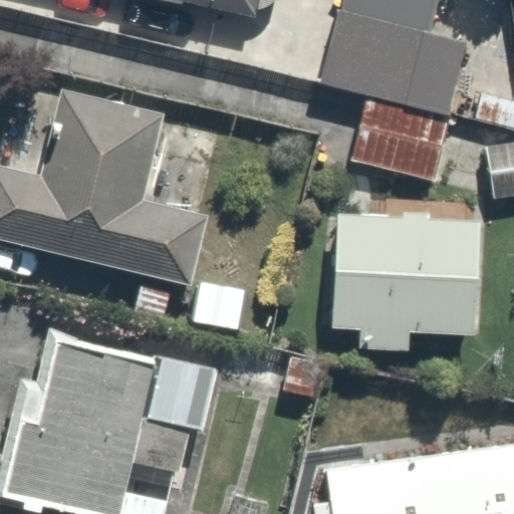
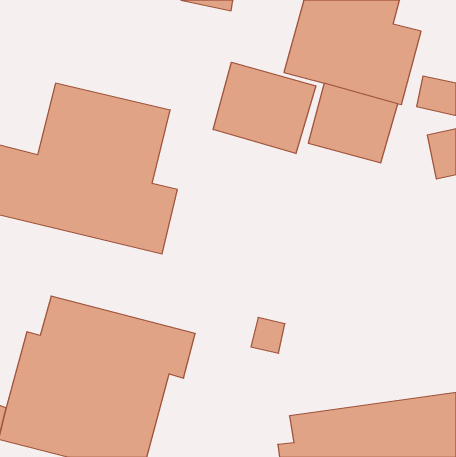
building: none -> [213,62,316,154]
building: [336,212,483,352] -> none

